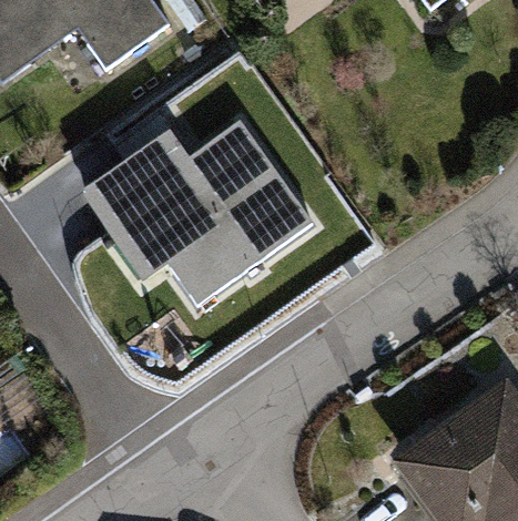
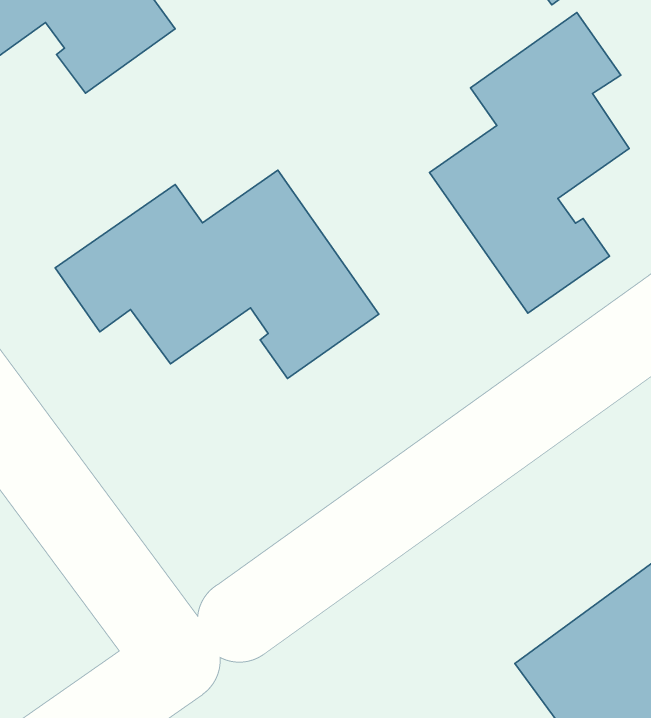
building: none -> [429,13,629,313]

